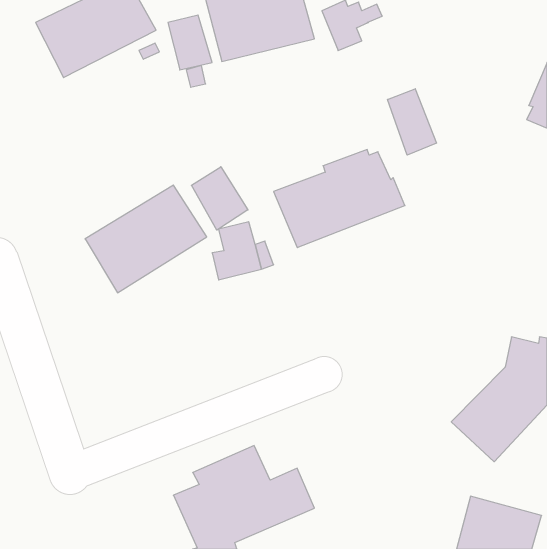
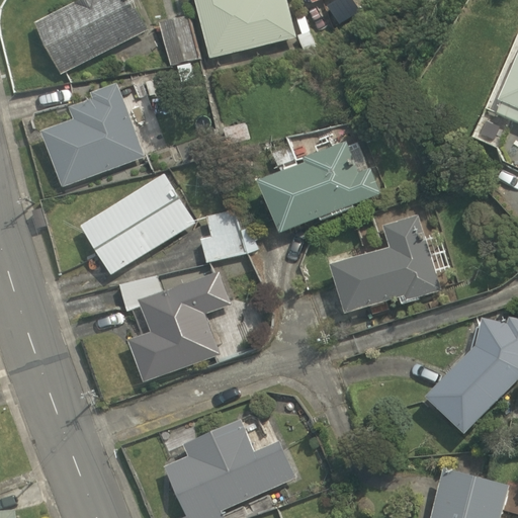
building: [388,89,436,155] -> none
building: none -> [40,84,144,186]
building: [191,167,248,230] -> none
building: none -> [330,214,440,314]
building: none -> [118,271,231,382]

